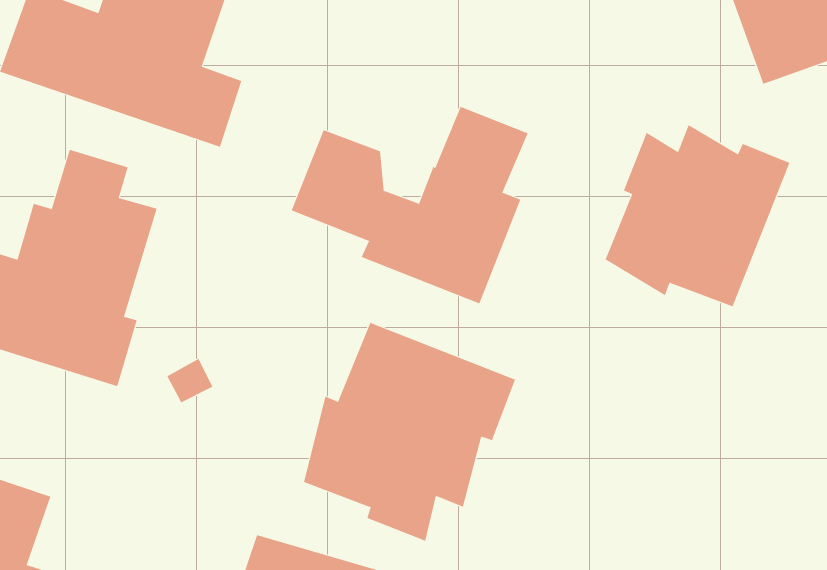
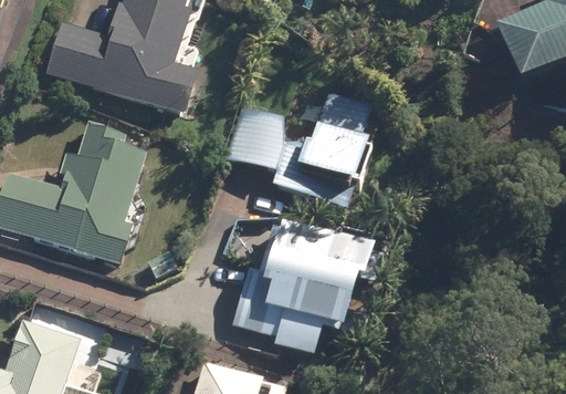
building: [605,124,790,307] -> none

